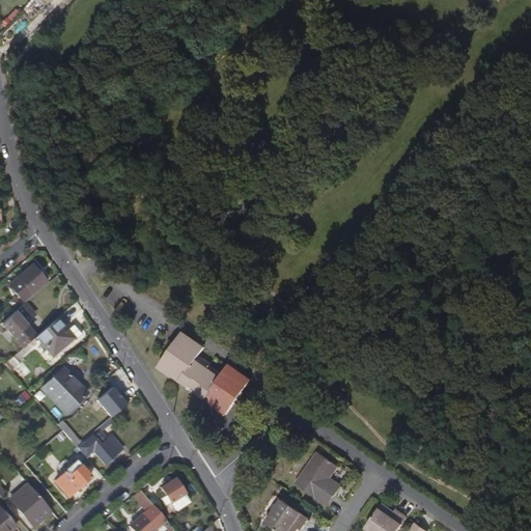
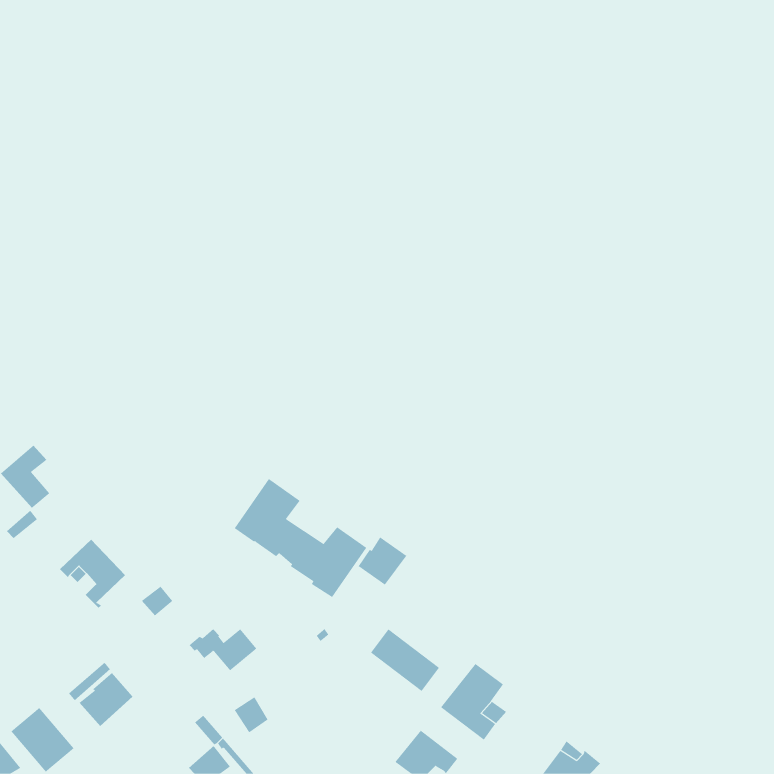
building: [7,264,45,302] -> none
building: [35,318,73,356] -> none
building: none -> [358,536,407,586]
building: none -> [370,628,440,692]
building: [76,436,122,465] -> [189,629,257,671]

